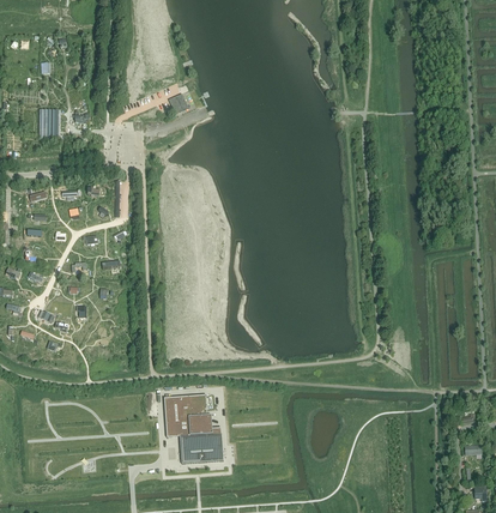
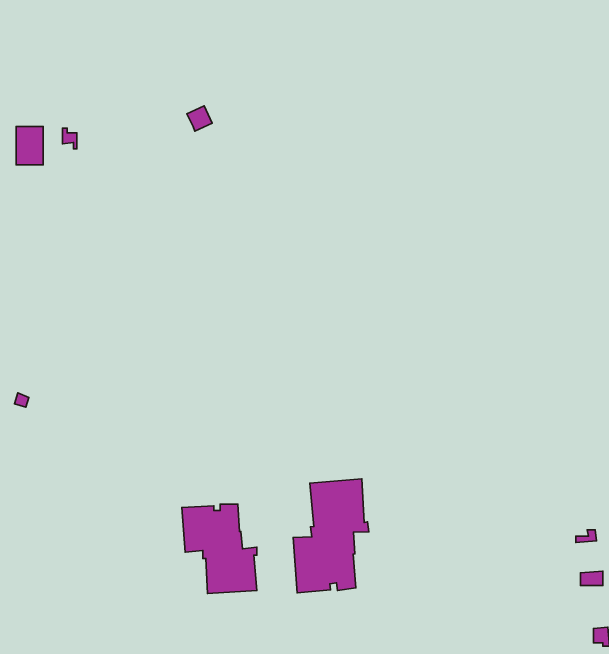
building: none -> [293,479,369,593]

